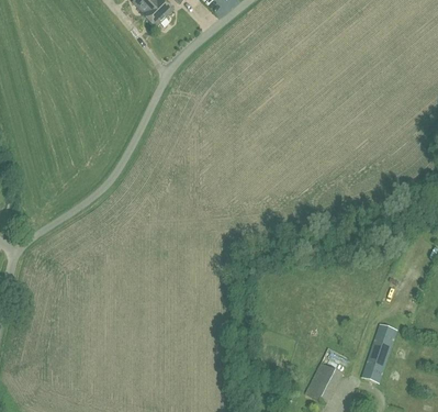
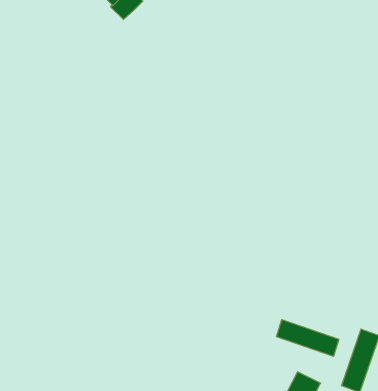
building: none -> [276,320,339,356]

